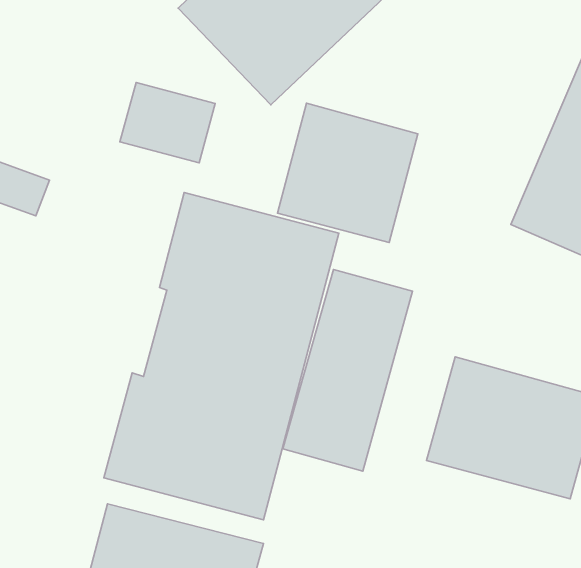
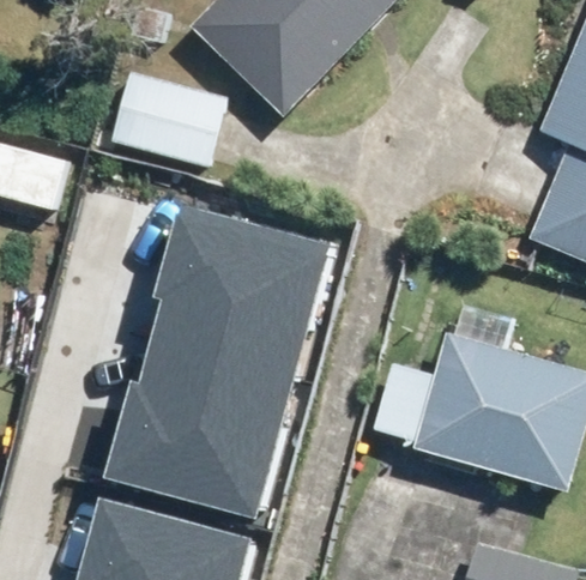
building: [277,103,418,243] -> none
building: [283,269,413,471] -> none

